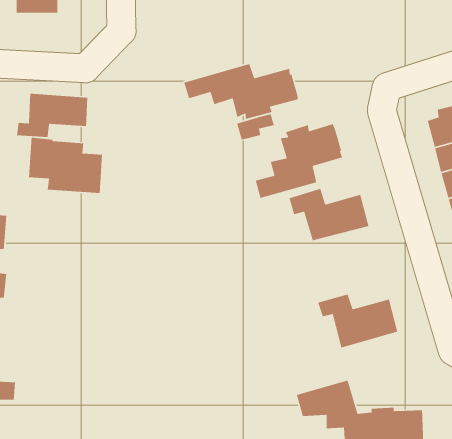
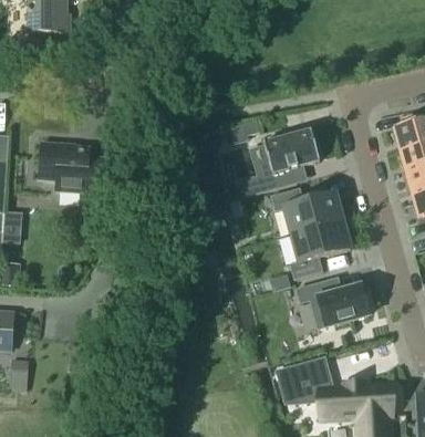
building: [183,63,299,120] -> none
building: [16,93,88,138] -> none
building: none -> [289,220,350,278]

